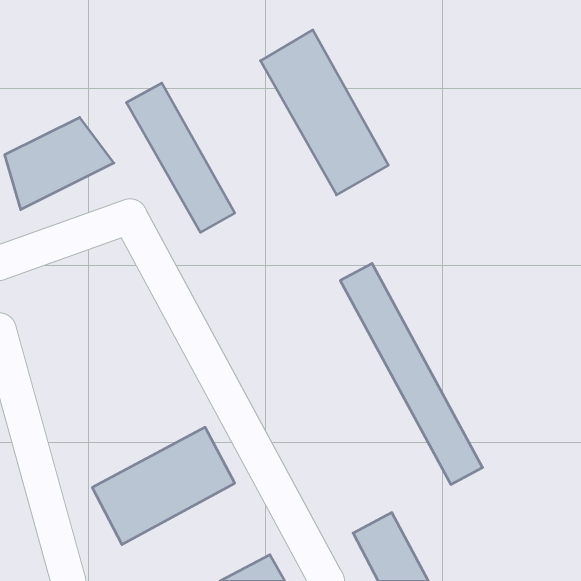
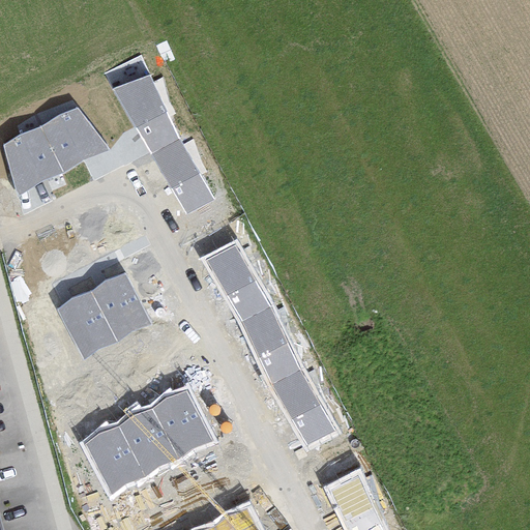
building: [260,30,388,195] -> none
building: [340,263,483,484] -> [206,244,335,445]
building: none -> [60,274,148,355]

